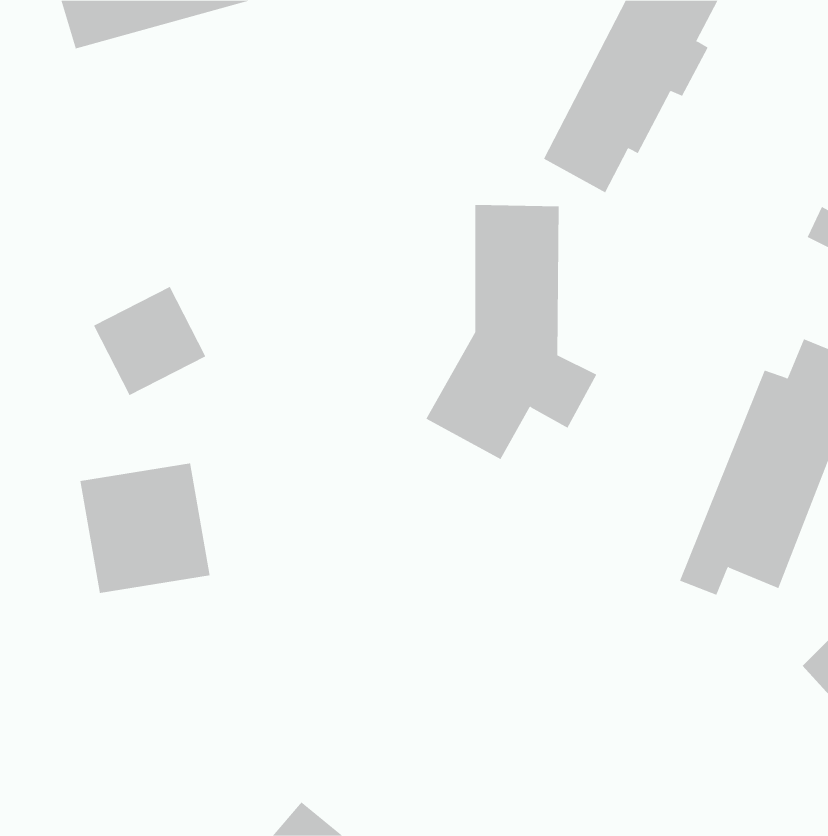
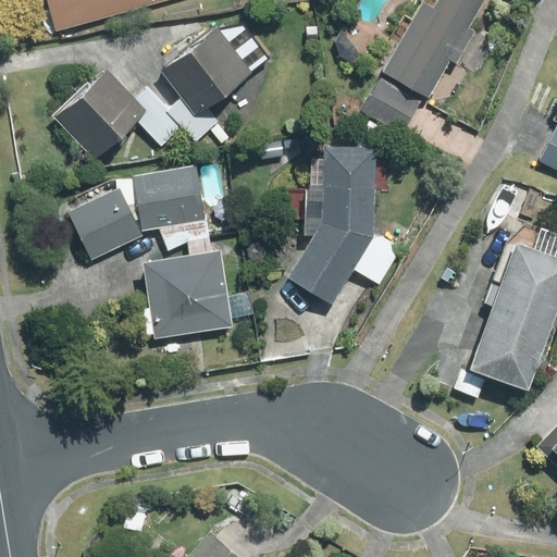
building: none -> [55,27,252,160]
building: none -> [134,165,205,228]
building: [79,463,210,594] -> [143,251,230,338]

